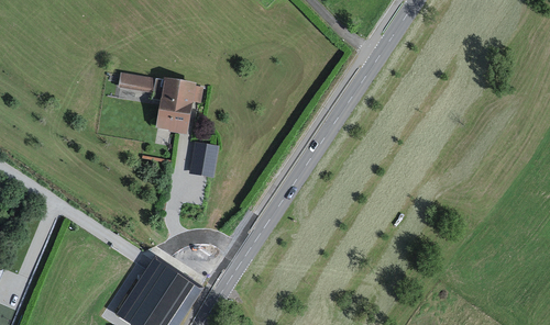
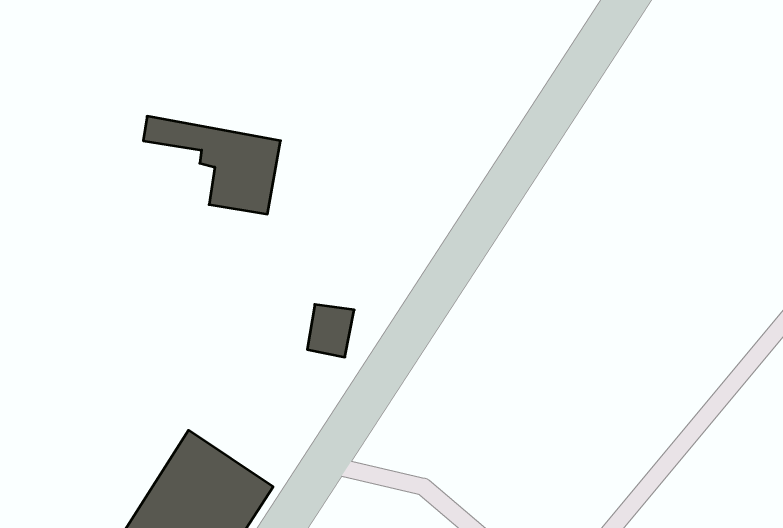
building: [191,142,219,172] -> [307,304,354,357]

